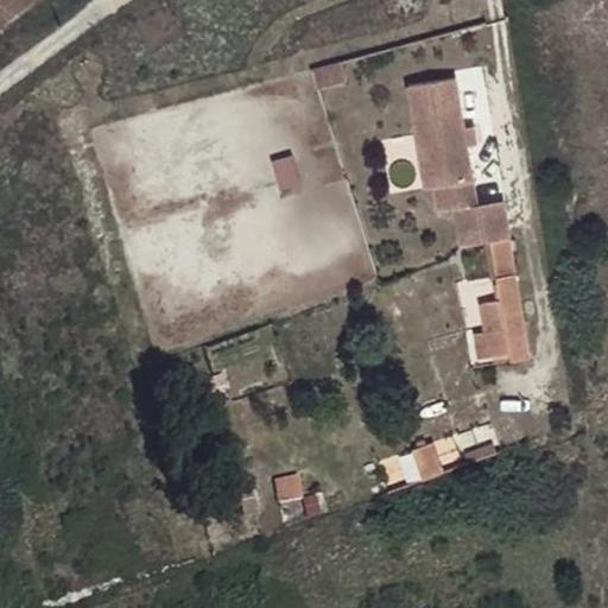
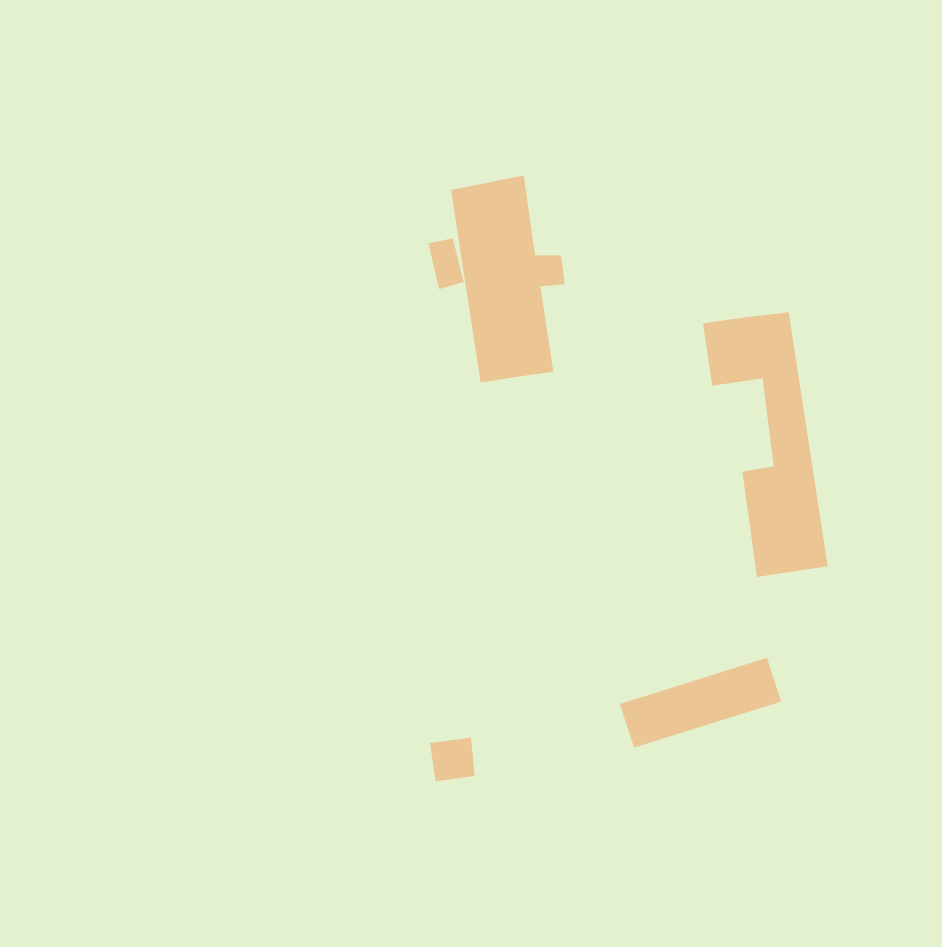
building: [407,78,481,211] -> [450,175,565,383]

